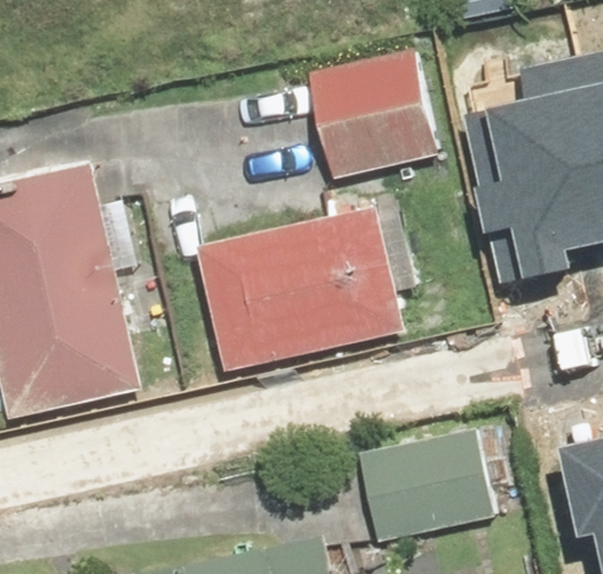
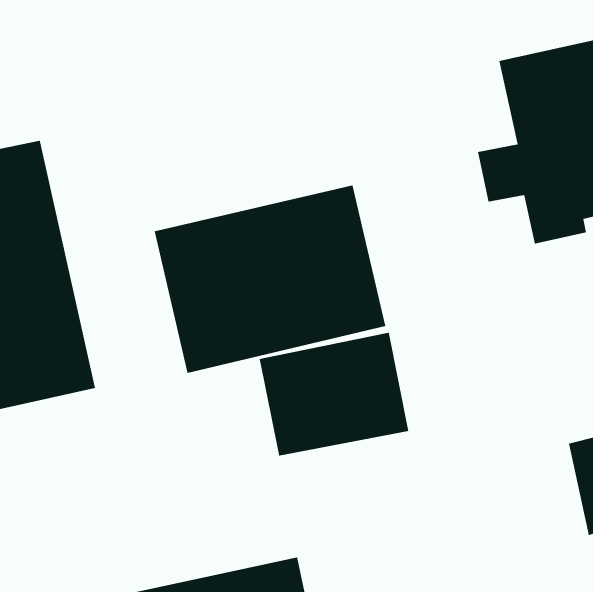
building: [307,50,438,175] -> none
building: [356,431,491,543] -> [259,332,409,456]

